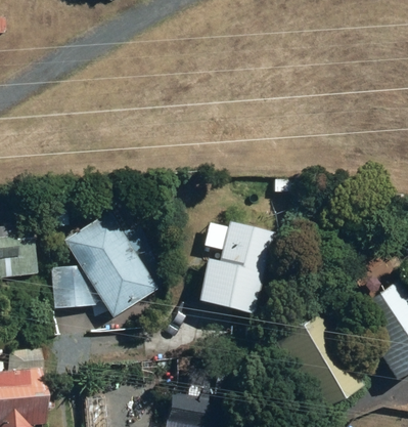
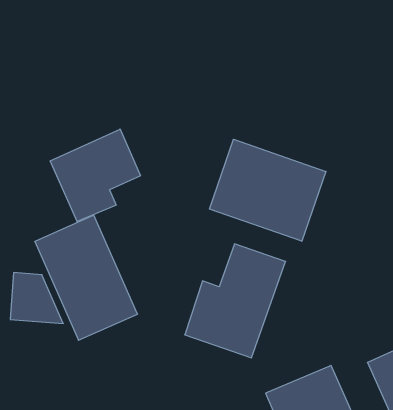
building: none -> [209,139,326,241]
building: none -> [50,129,140,222]

